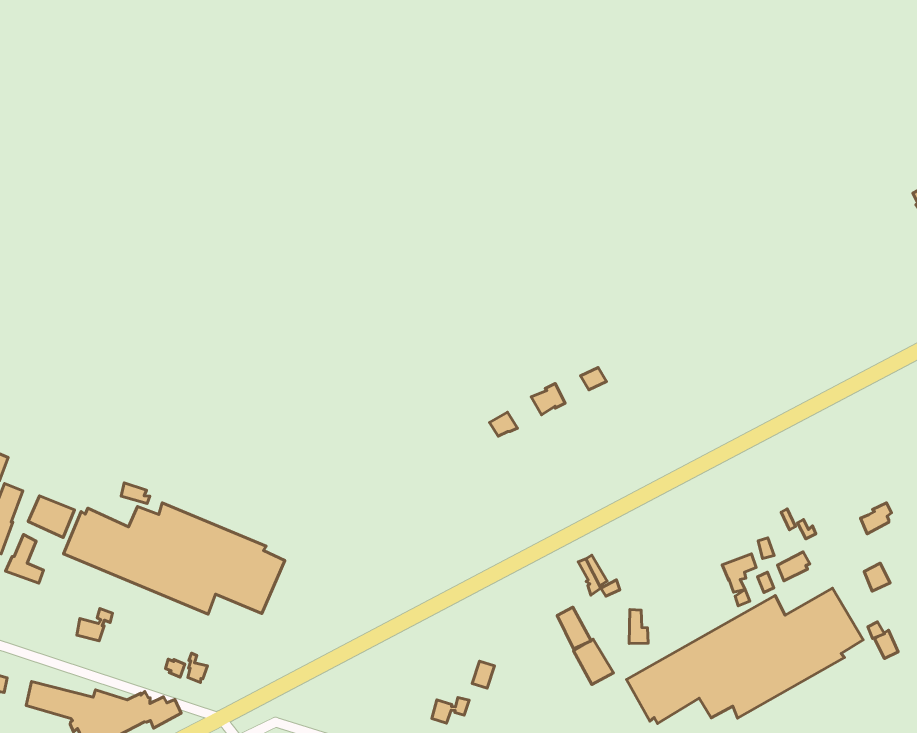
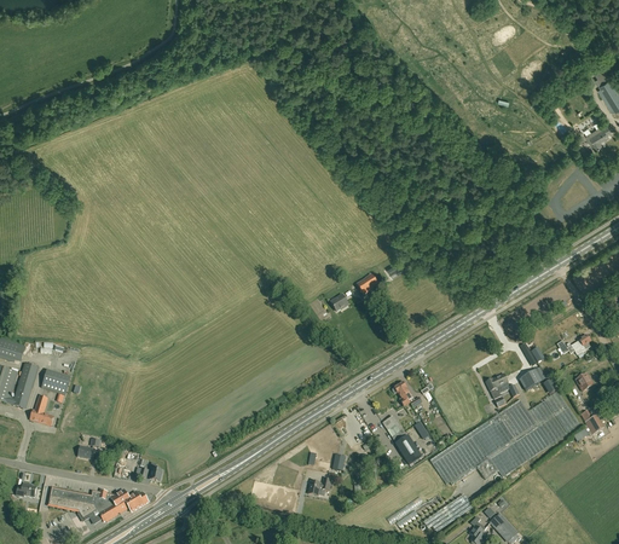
building: [63,503,285,614] -> none

